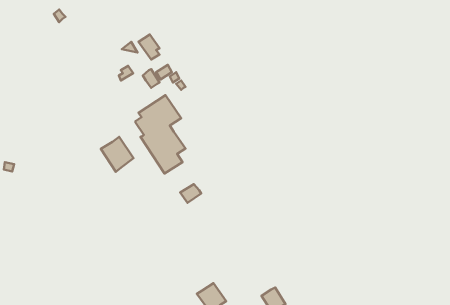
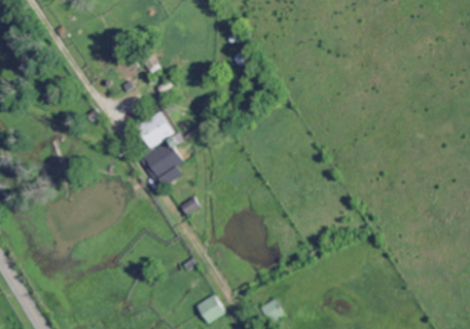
building: [101,137,134,172] -> none

